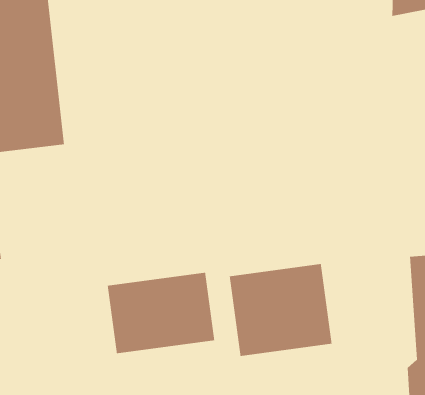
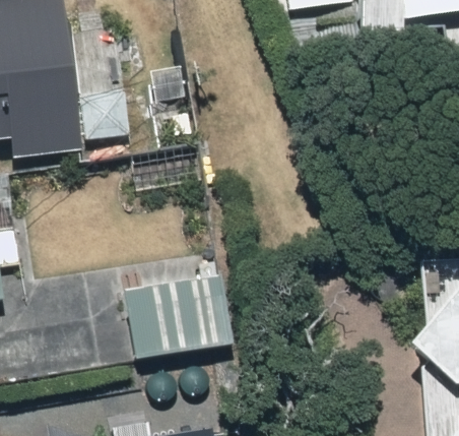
building: [229,263,332,357] -> none

